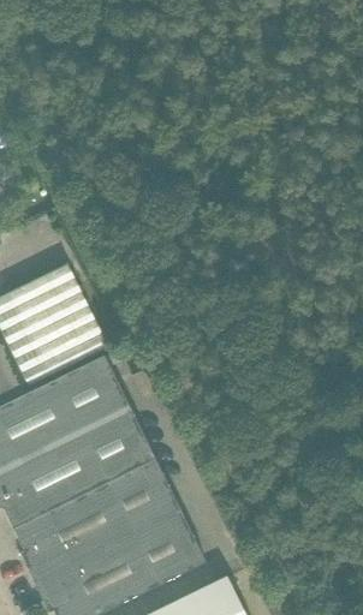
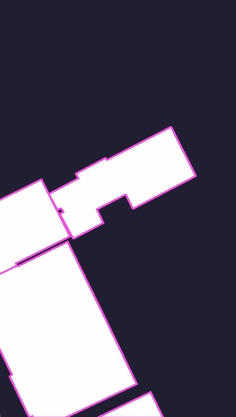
building: none -> [49,127,196,239]

